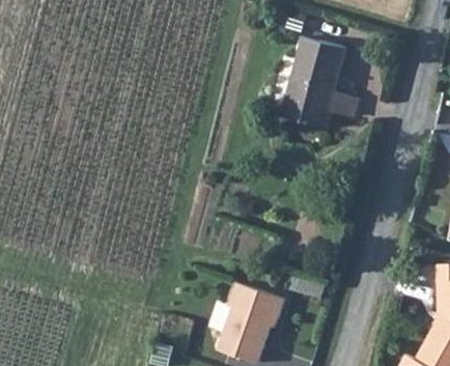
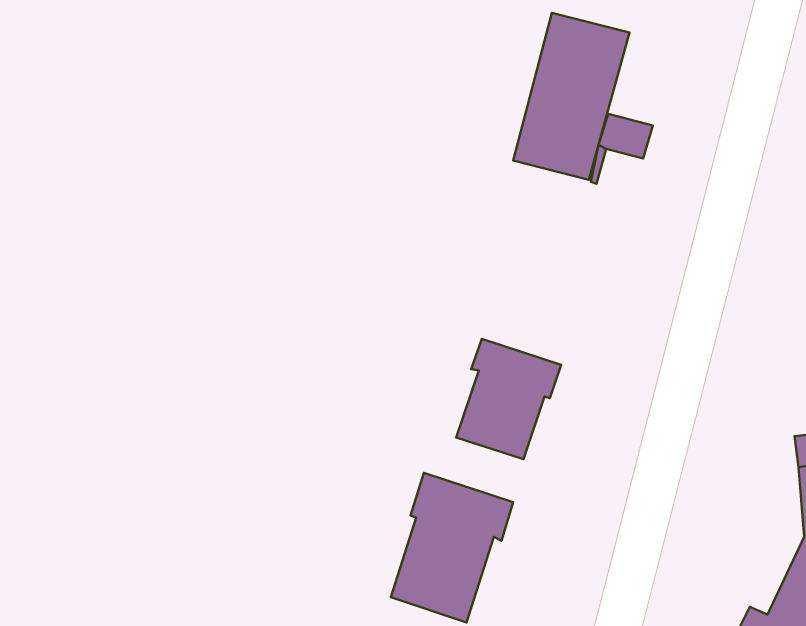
building: none -> [456,339,561,459]

